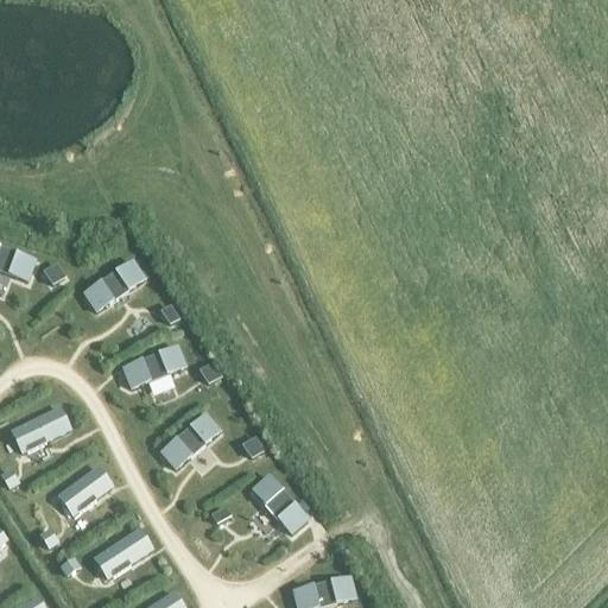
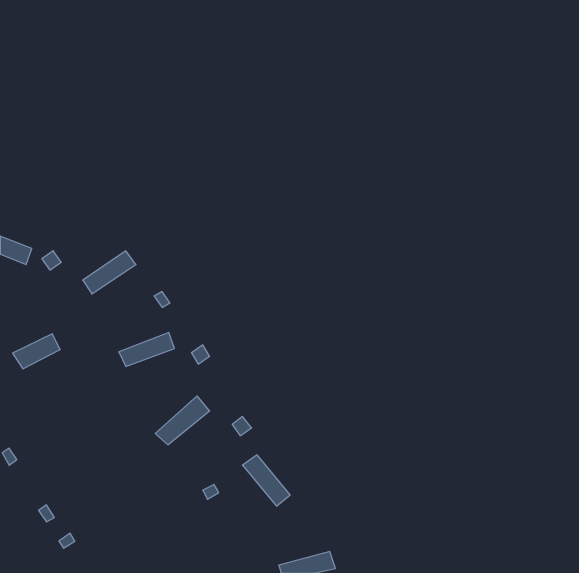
building: [13,410,63,446] -> [13,334,60,369]
building: [57,467,108,512] -> none
building: [97,533,148,574] -> none

